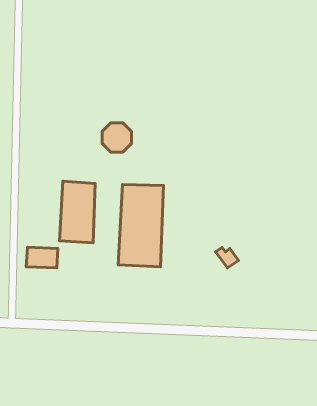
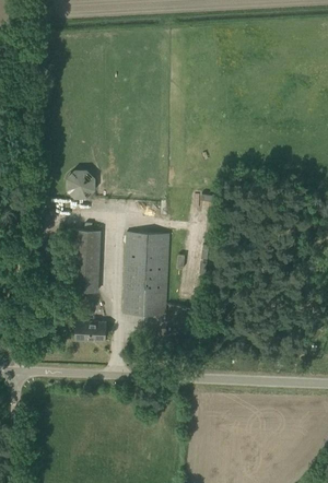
building: [102,123,132,152] -> [66,169,95,199]
building: [26,247,58,268] -> [74,321,106,342]

